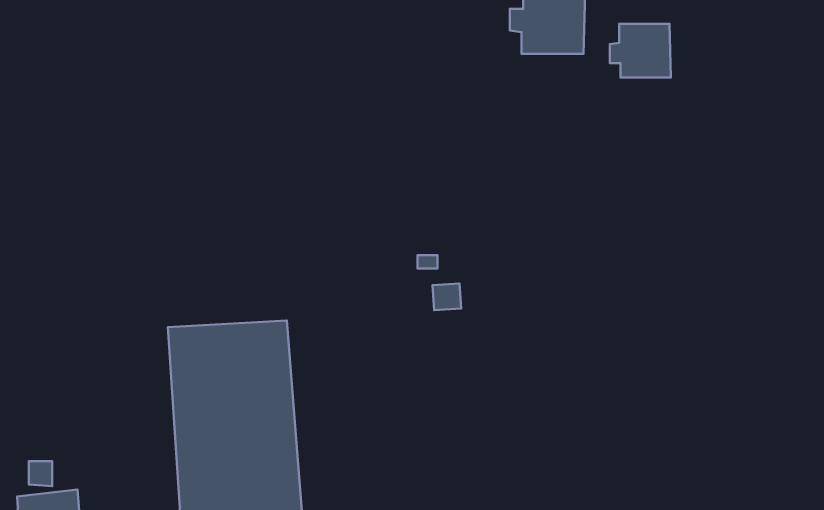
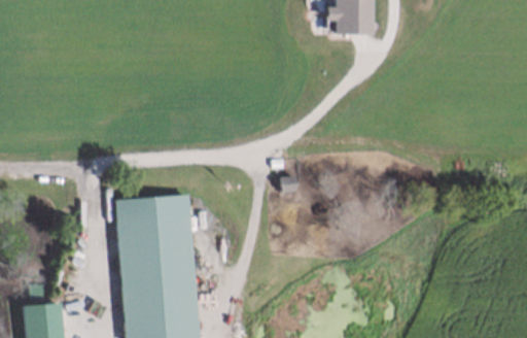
building: [610,24,671,77] -> none

